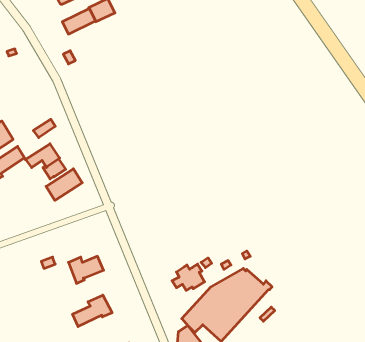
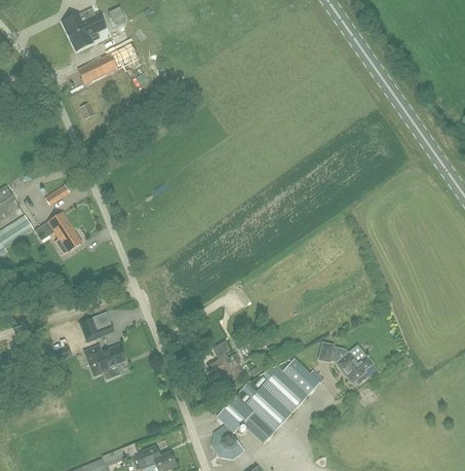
building: [46,169,82,200] -> none
building: none -> [80,317,114,341]
building: none -> [319,341,374,383]
building: [73,295,112,327] -> none

